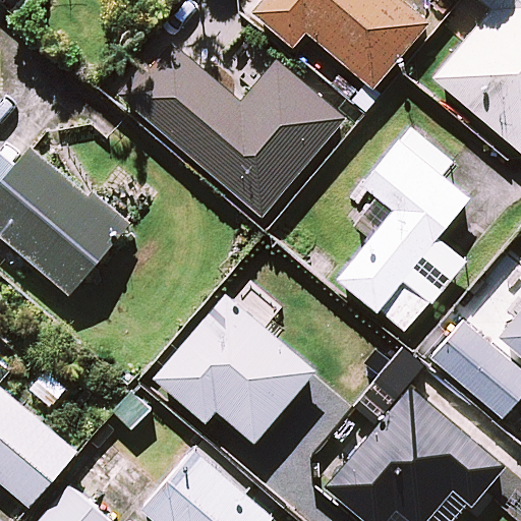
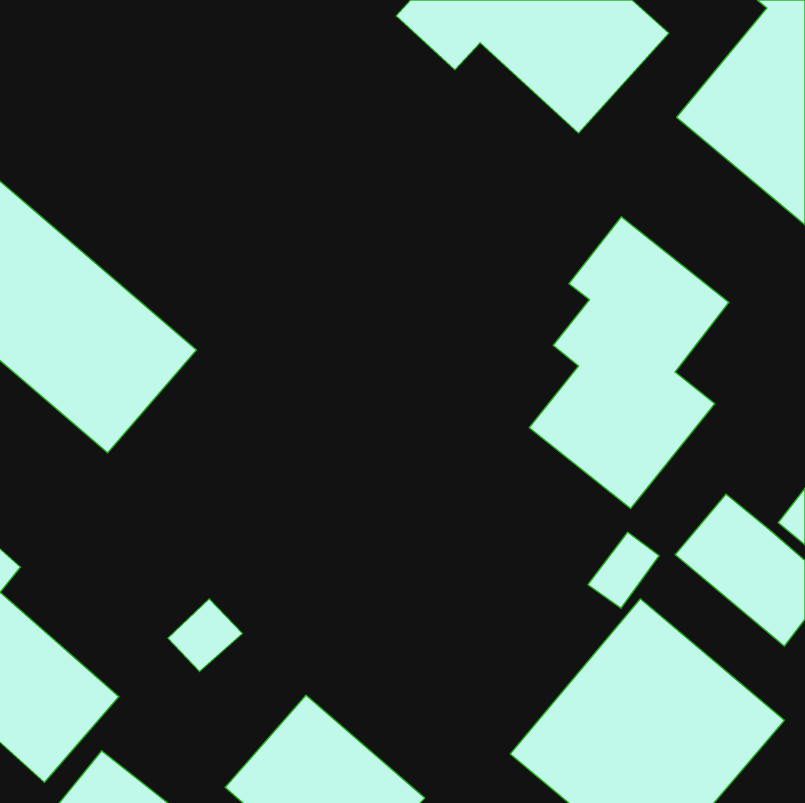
building: [122,44,343,216] -> none
building: [156,283,314,441] -> none

